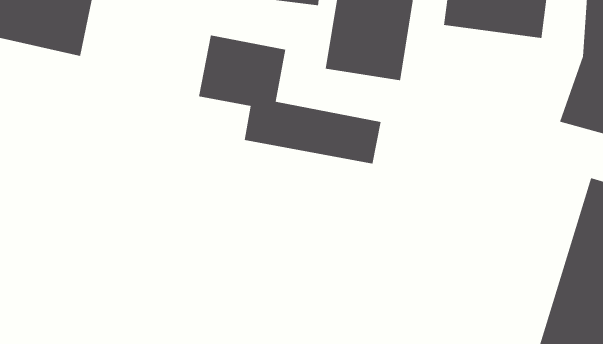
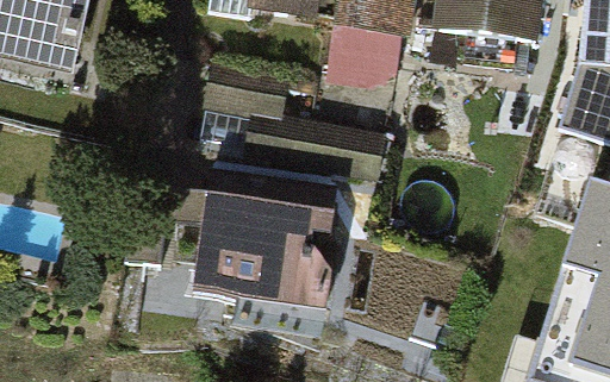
building: none -> [198,184,343,312]

